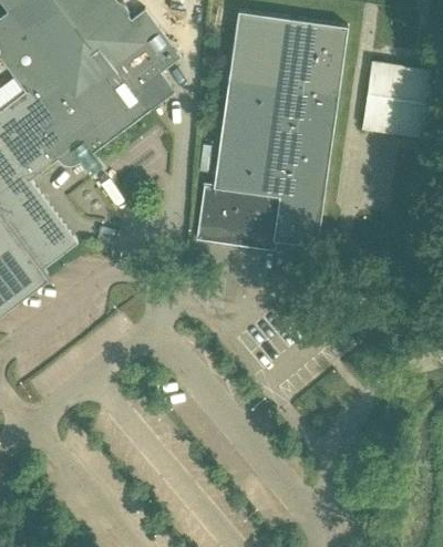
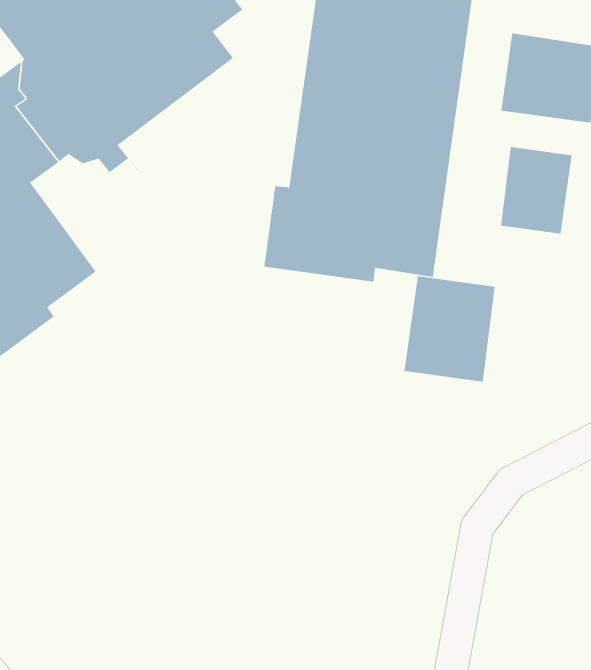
building: none -> [500,146,572,235]
building: none -> [404,275,495,383]

